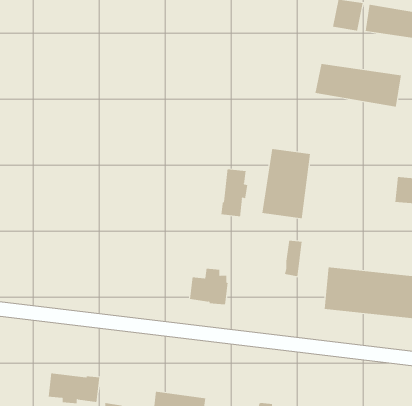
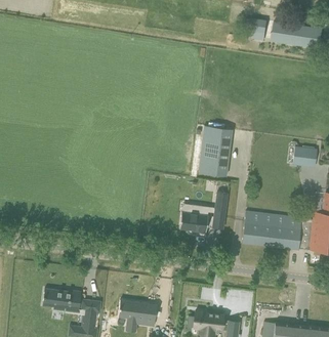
building: [315,63,402,107] -> none
building: [221,168,248,217] -> none
building: [189,268,229,305] -> [180,203,209,229]

